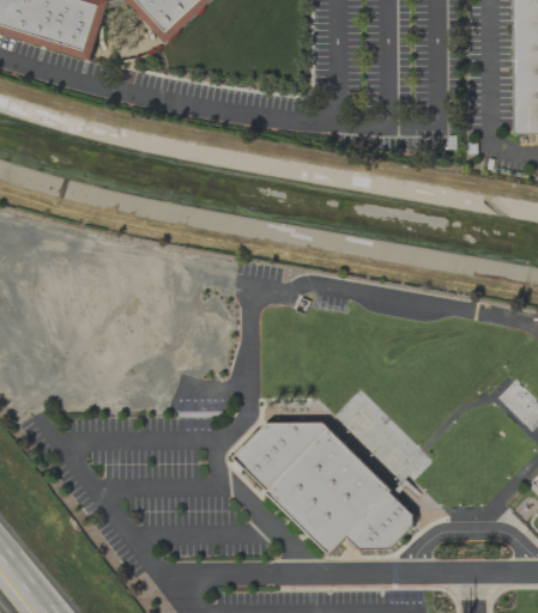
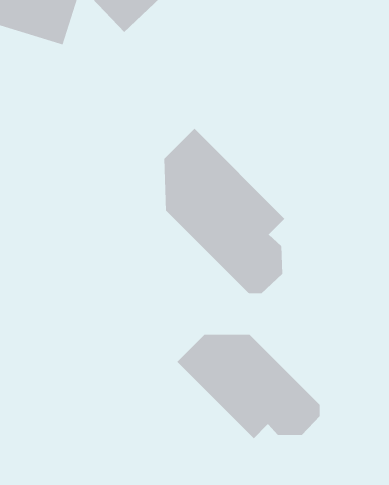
building: none -> [164,128,285,294]

